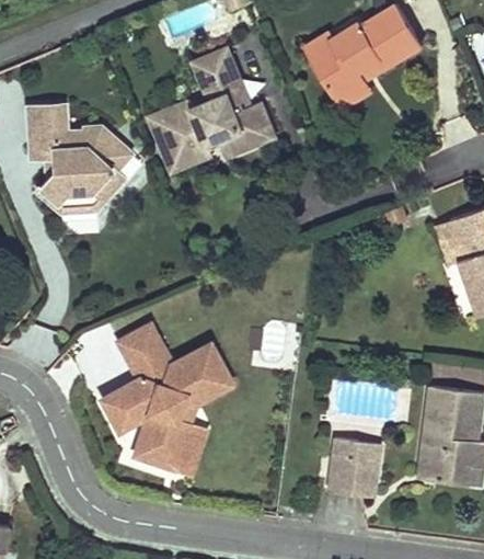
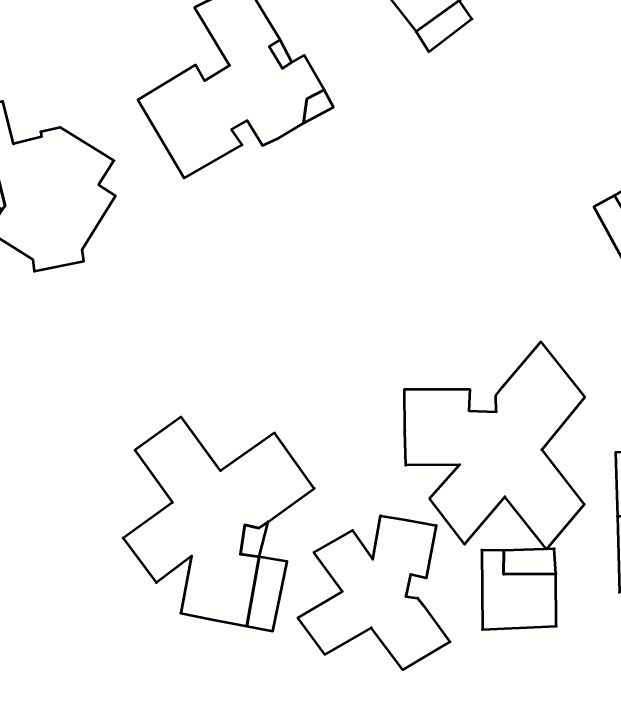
building: none -> [405,342,585,549]
building: none -> [298,516,450,670]

